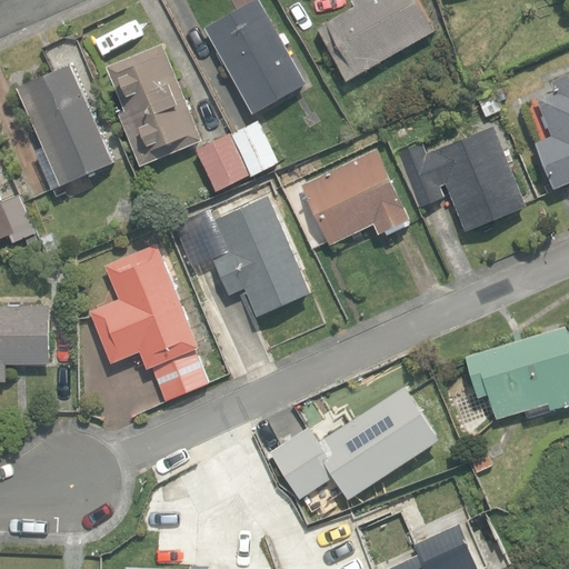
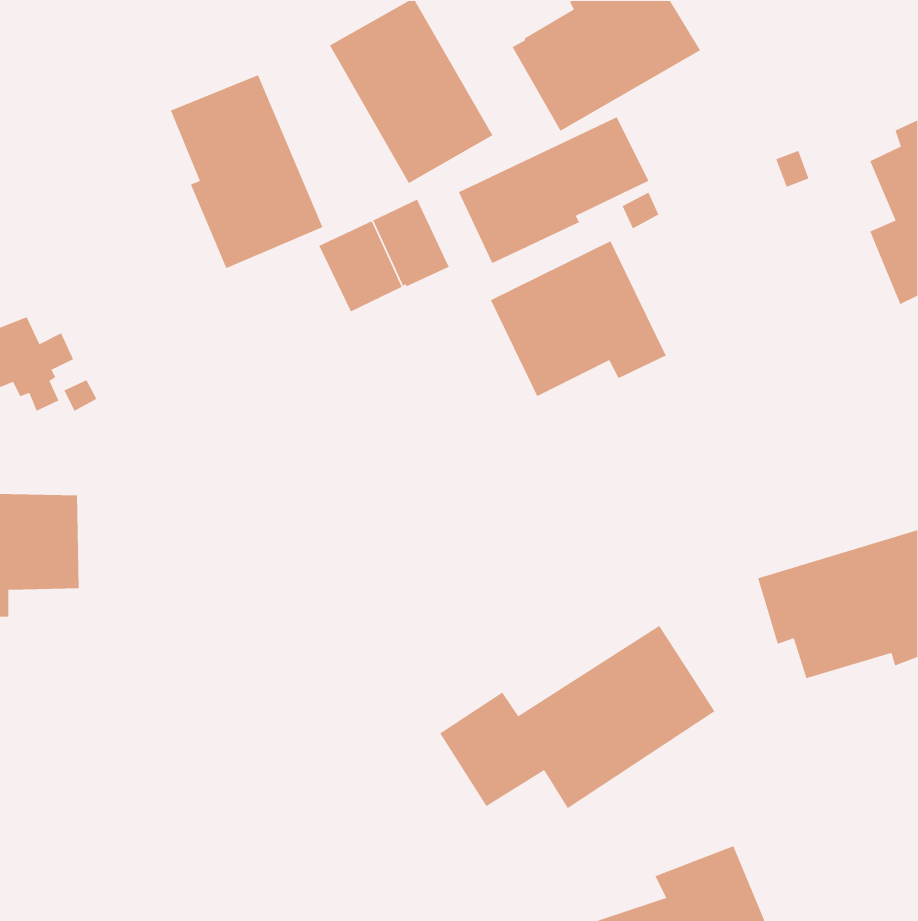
building: [16,67,110,186] -> none
building: none -> [458,116,649,264]
building: [395,124,526,233] -> none
building: [212,197,310,317] -> none
building: [90,244,207,401] -> none

